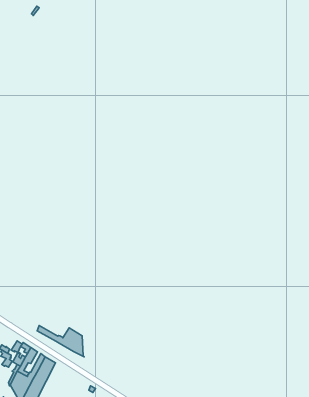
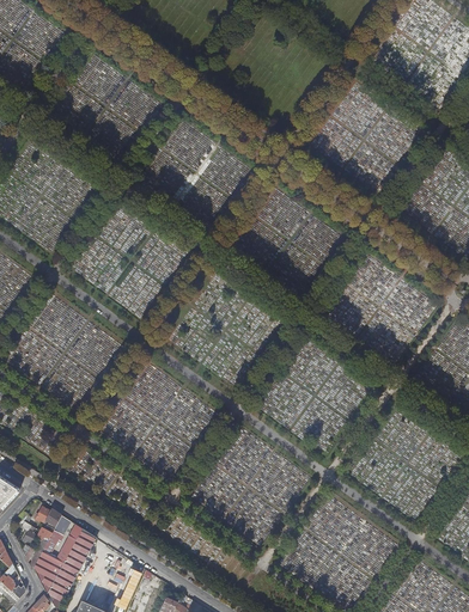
building: [37,325,84,357] -> none

